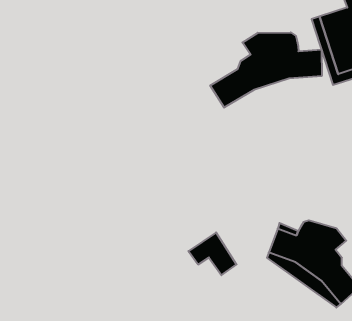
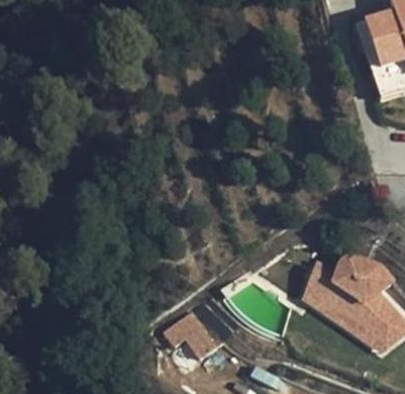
building: [210,32,322,108] -> none
building: [188,232,237,275] -> [164,307,218,356]

